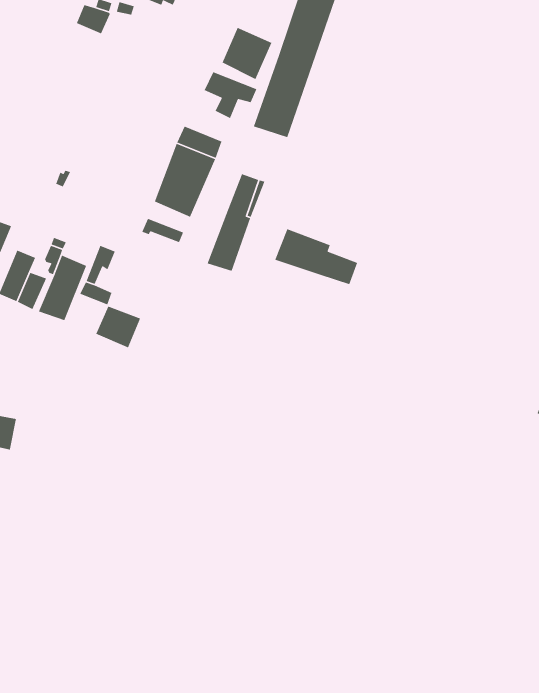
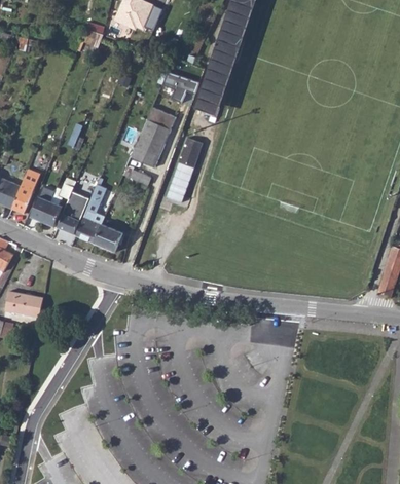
building: [222,27,273,80] -> none
building: [274,228,358,285] -> none
building: none -> [75,216,101,241]

